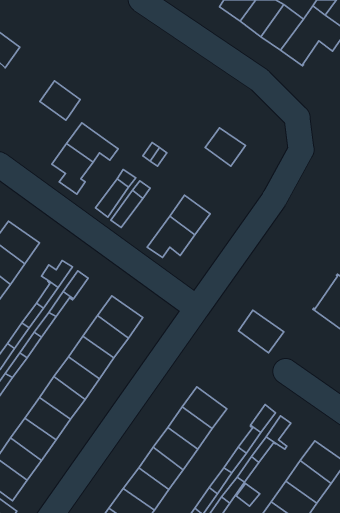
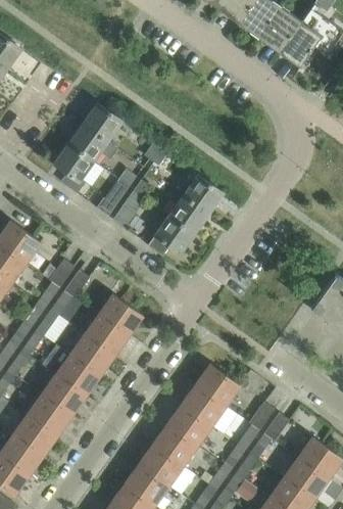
building: [40,81,80,120] -> [83,103,122,142]
building: [205,128,245,166] -> [184,176,224,214]
building: [238,310,284,353] -> [196,364,241,406]

